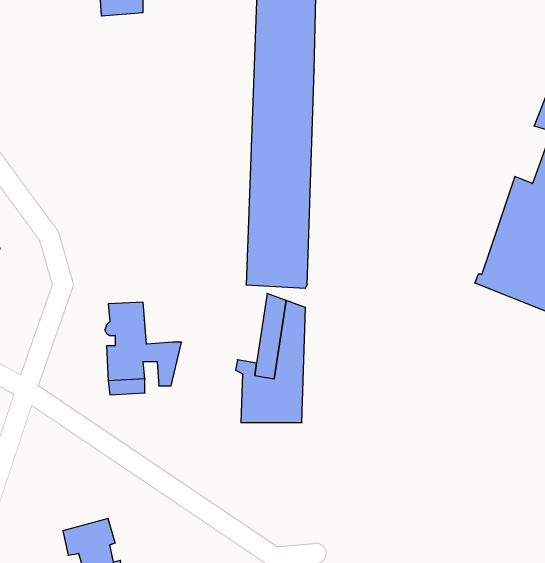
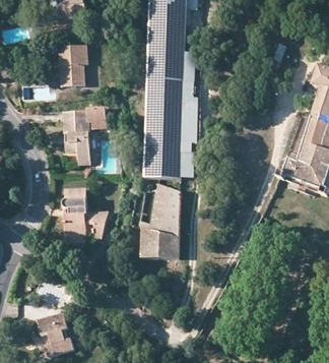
building: none -> [58,45,86,84]
building: none -> [180,52,198,177]
building: none -> [62,106,104,157]

